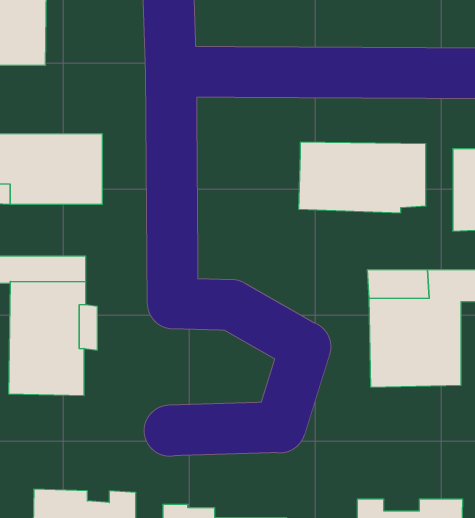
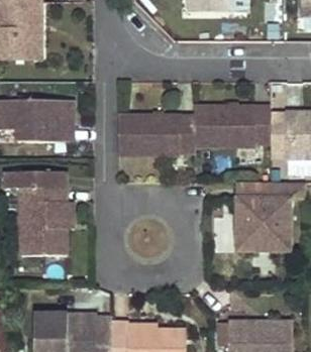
building: none -> [117,112,194,152]

